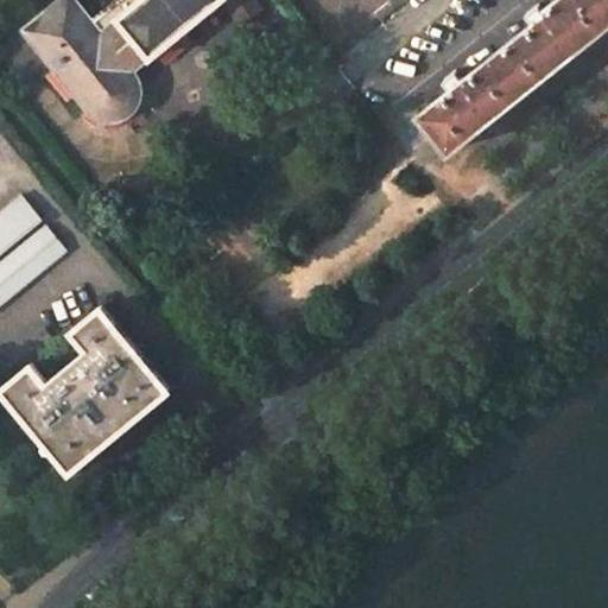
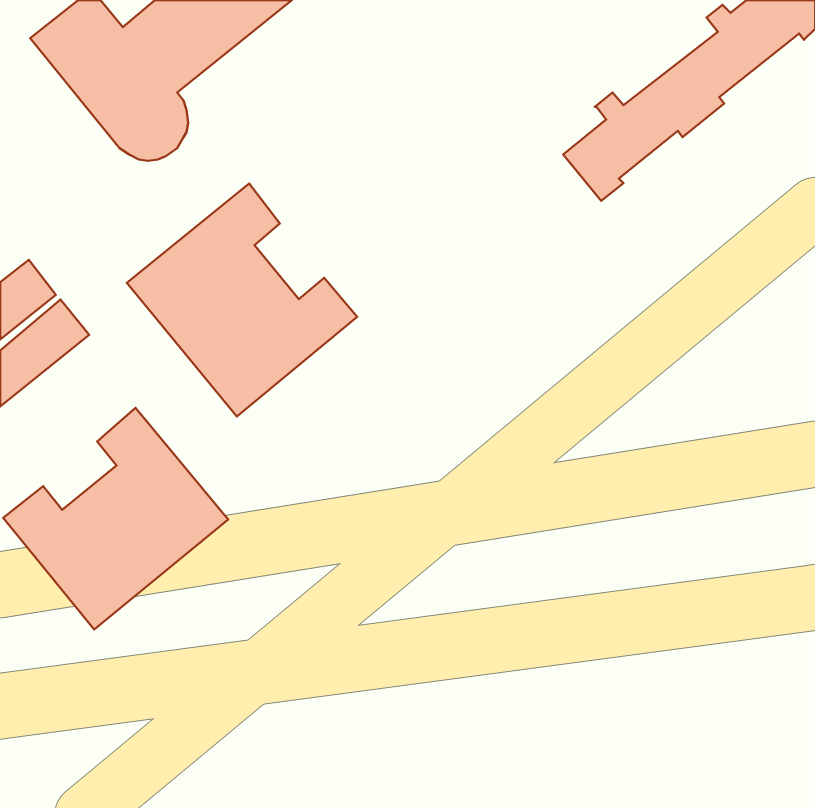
building: none -> [127,183,357,416]

